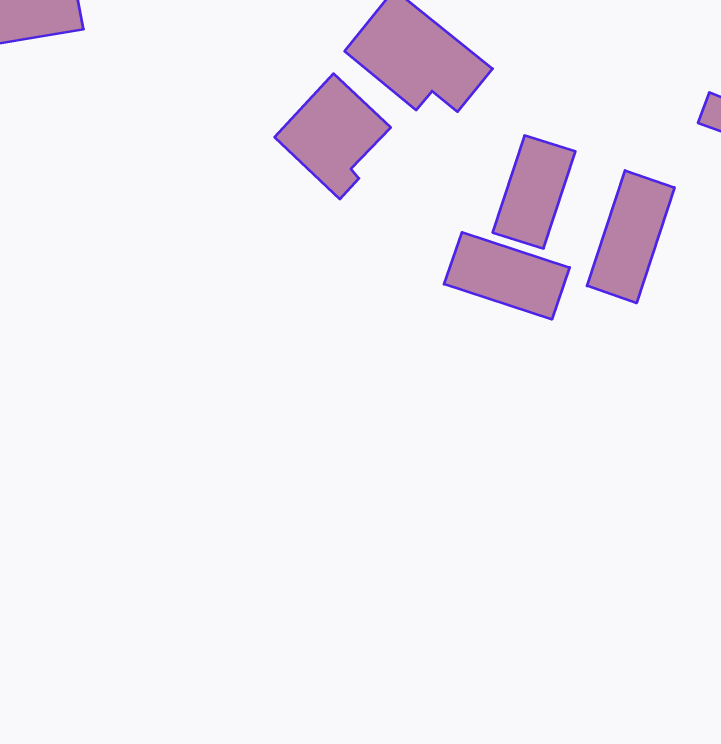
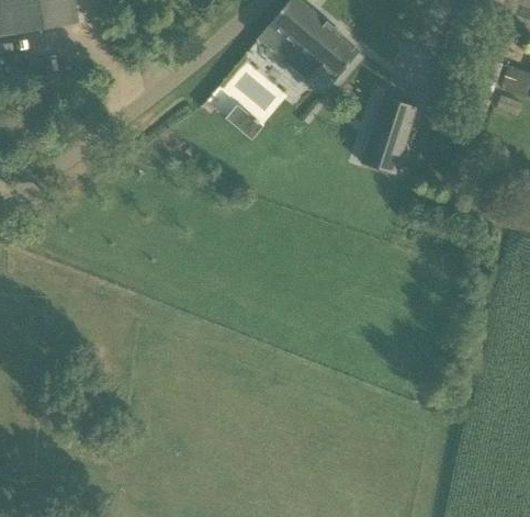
building: [587,170,674,303] -> none
building: [444,232,570,319] -> none

